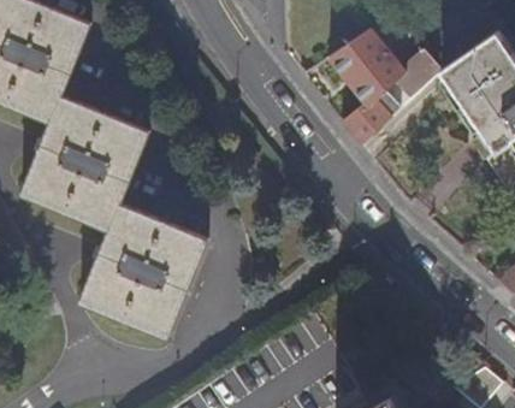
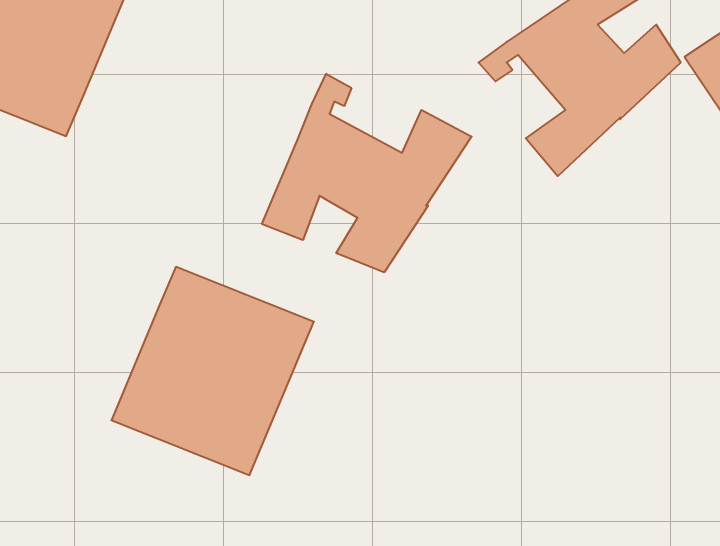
building: none -> [262,74,472,272]
building: [19,95,148,229] -> none

